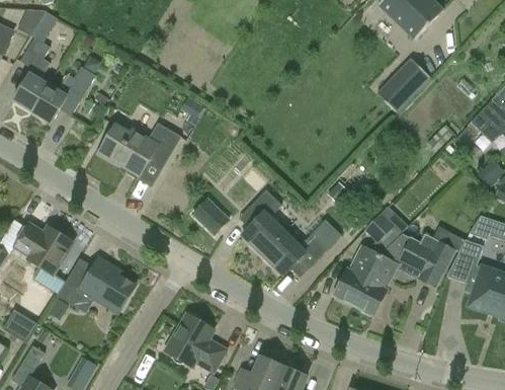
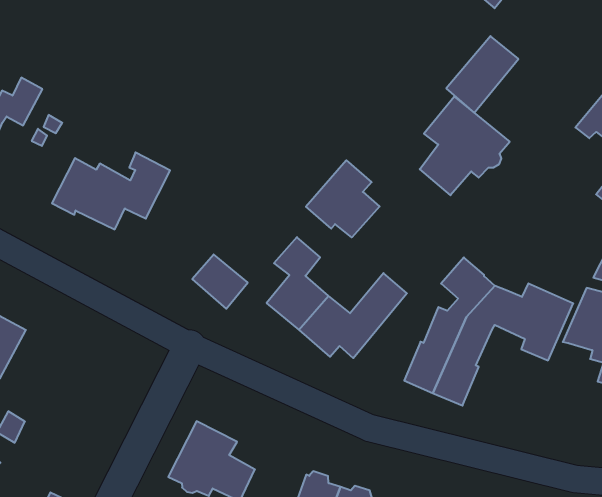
building: none -> [420,97,510,195]
building: none -> [306,160,380,237]
building: [57,257,136,312] -> none

